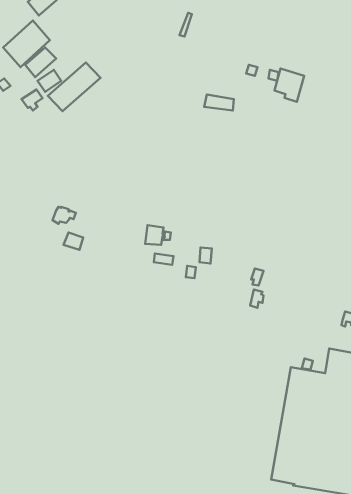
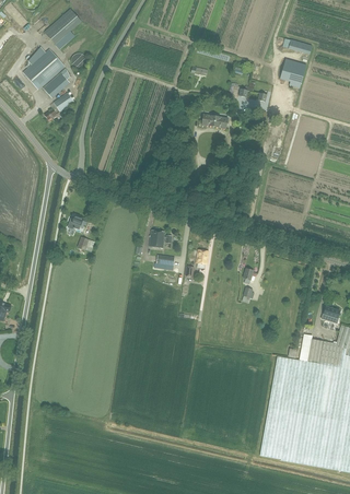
building: [48,62,100,111] -> none
building: [274,68,304,102] -> [280,58,306,87]

